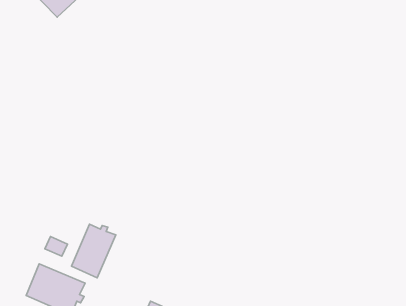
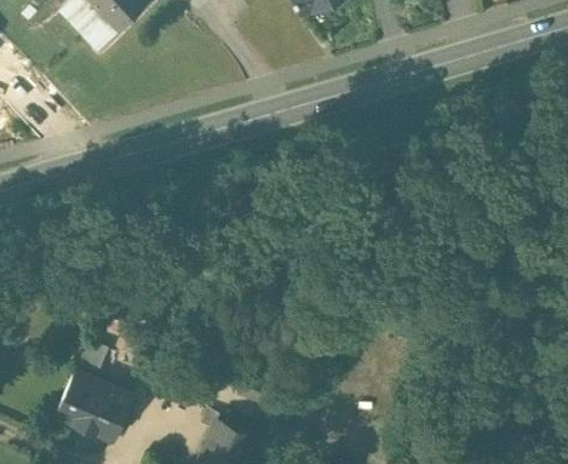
building: [72,224,116,278] -> none

